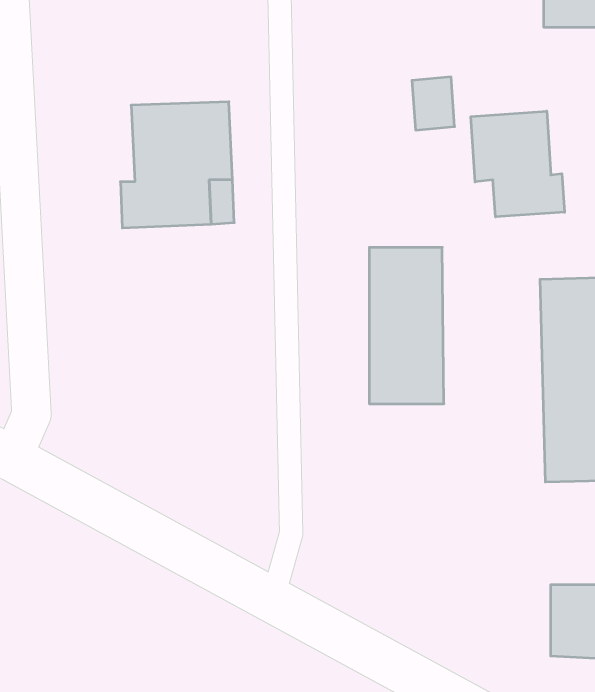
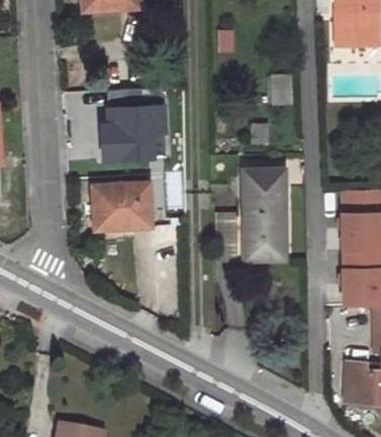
building: [471,111,565,217] -> none
building: none -> [92,182,151,230]

